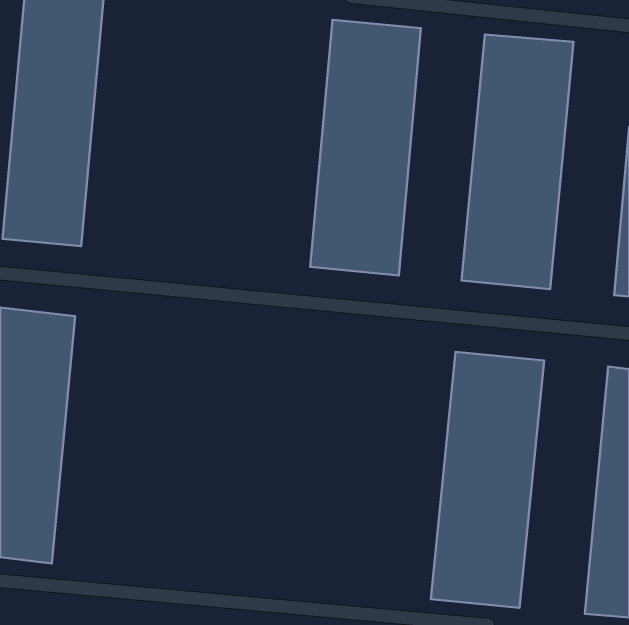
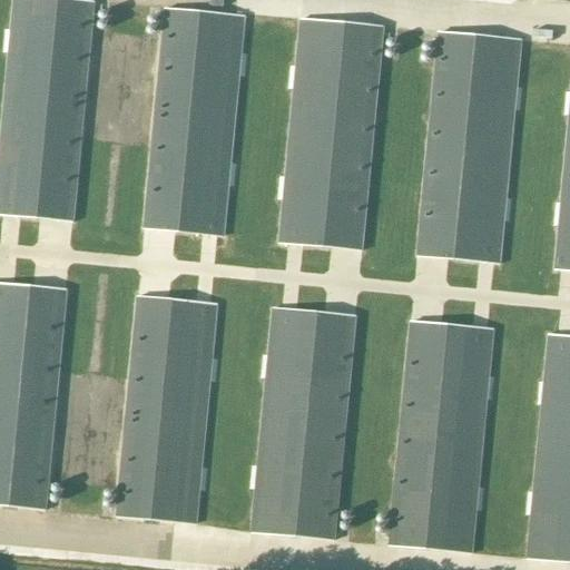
building: none -> [144,6,236,236]
building: none -> [118,293,209,523]
building: none -> [256,306,355,537]

